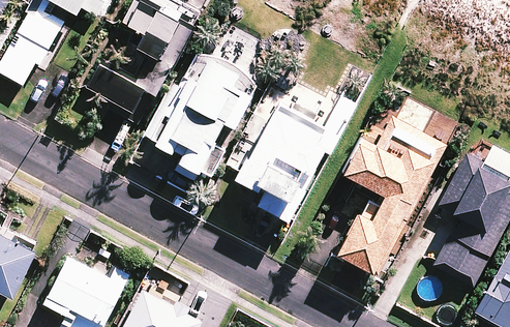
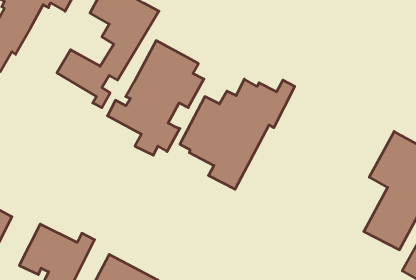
building: [338,102,445,273] -> none

